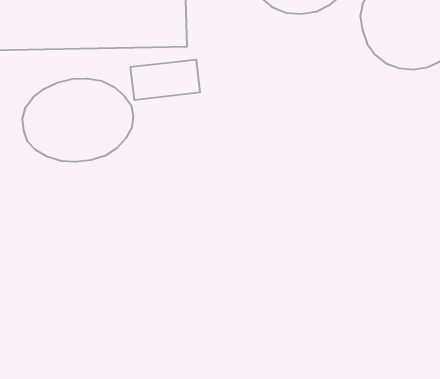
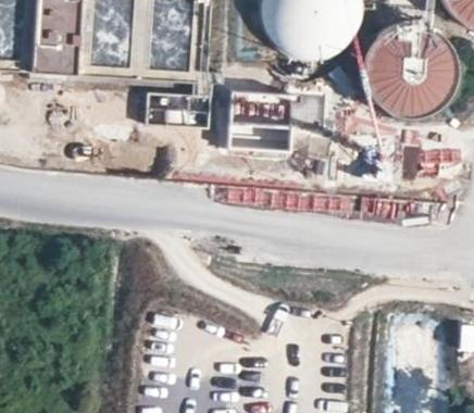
building: [22,78,133,162] -> none

